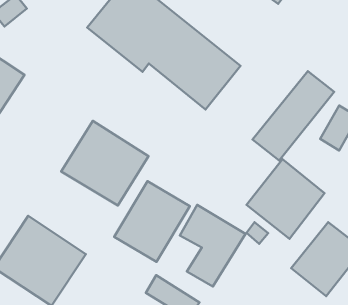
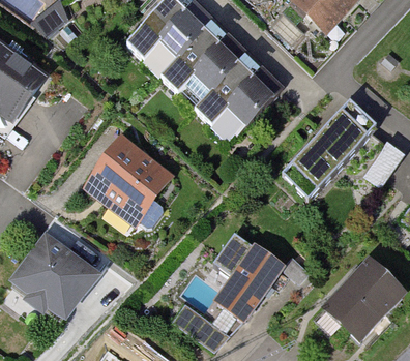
building: [246,159,324,239] -> none
building: [114,181,190,262] -> none

